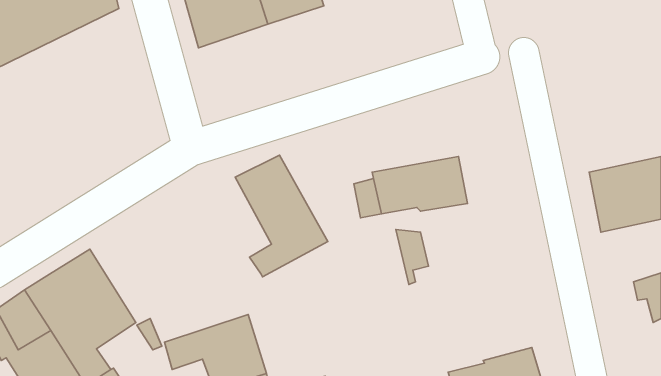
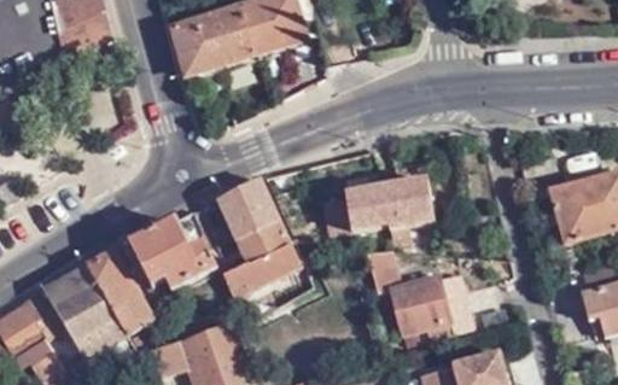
building: none -> [127,210,221,301]
building: none -> [83,251,153,331]
building: none -> [389,279,471,346]

